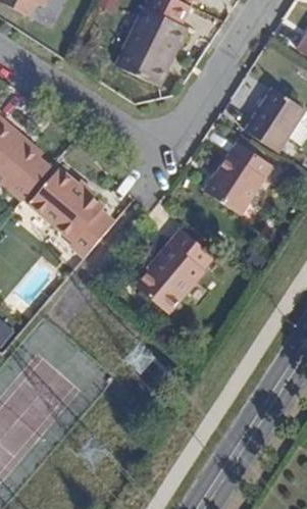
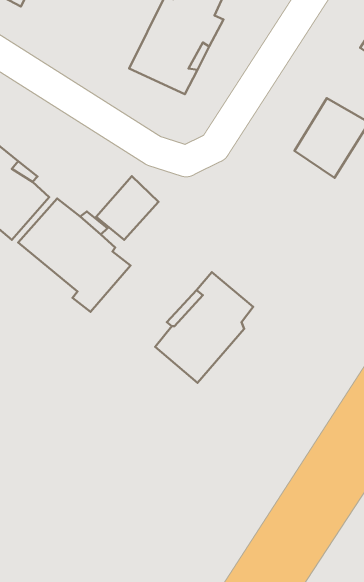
building: [205,142,271,214] -> none
building: none -> [96,176,159,240]

